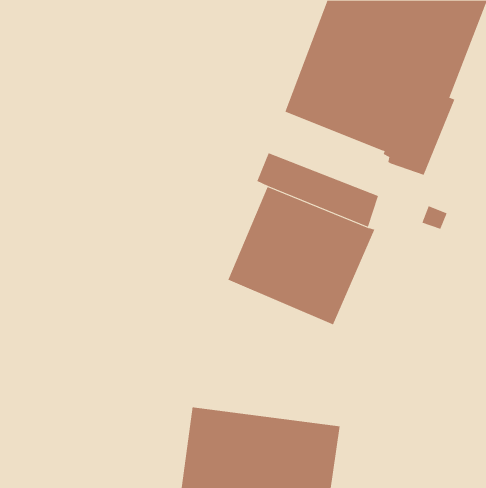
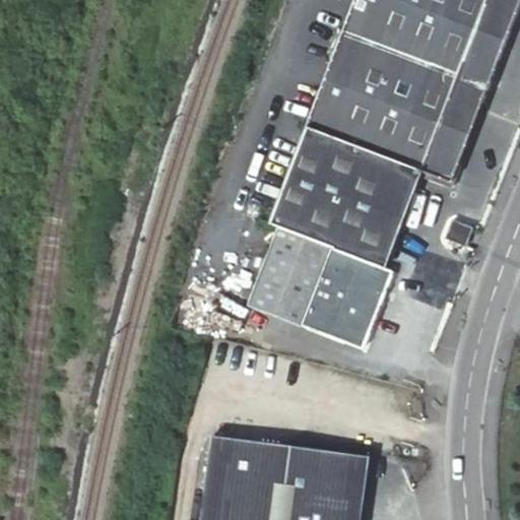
building: none -> [289,123,418,211]

